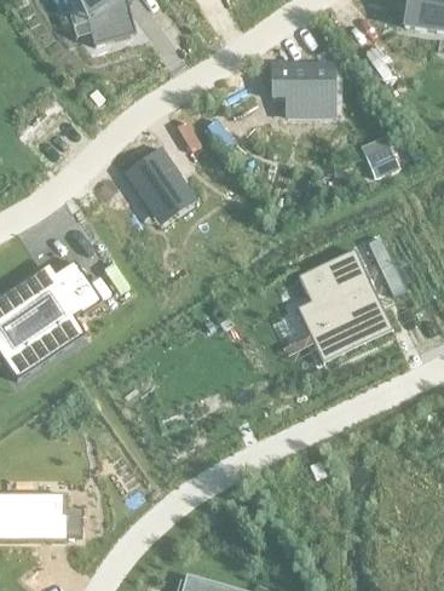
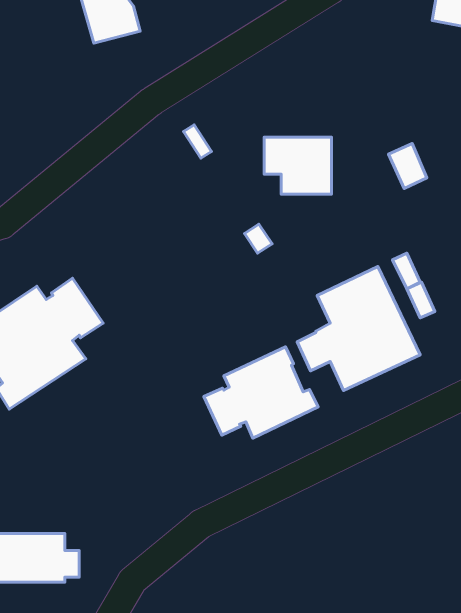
building: [272,64,334,116] -> [264,137,332,194]
building: [123,147,189,213] -> none
building: none -> [204,347,318,438]

